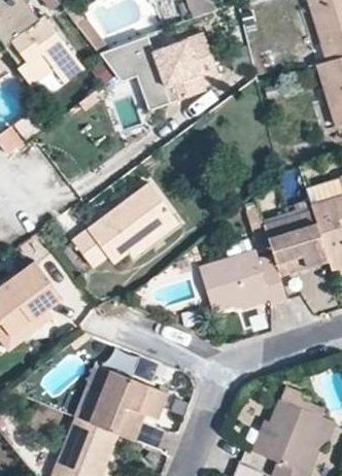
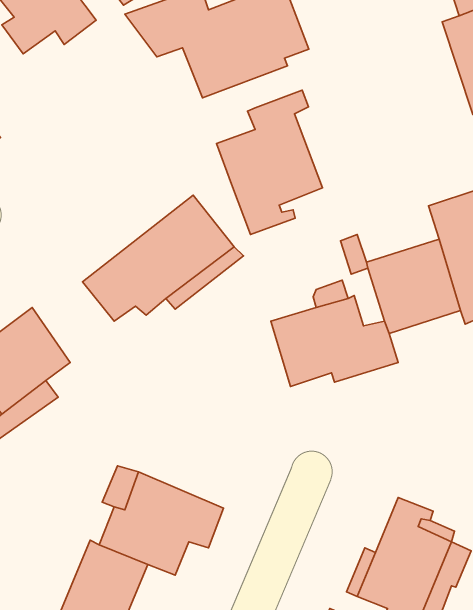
building: none -> [216,90,322,234]

